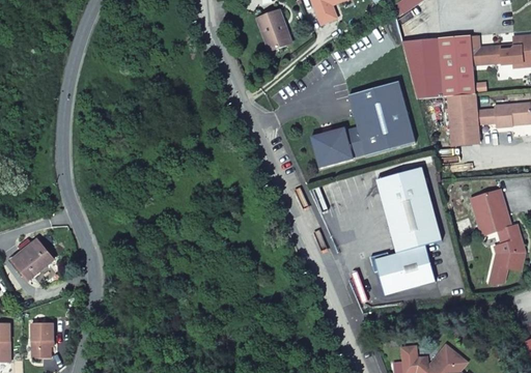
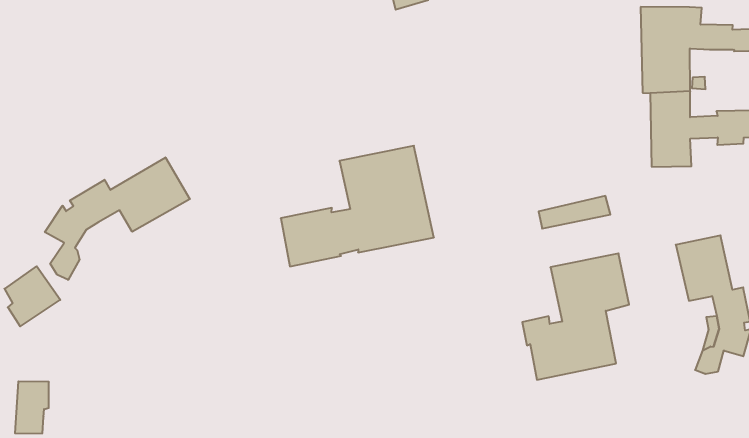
building: [399,38,441,98] -> none
building: [309,82,414,169] -> [281,146,434,266]
building: none -> [45,157,190,280]
building: [379,180,431,219] -> none

